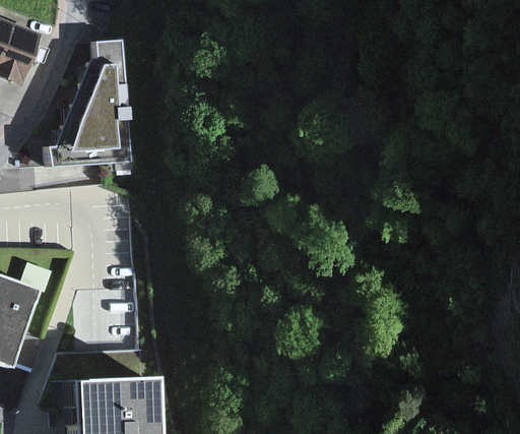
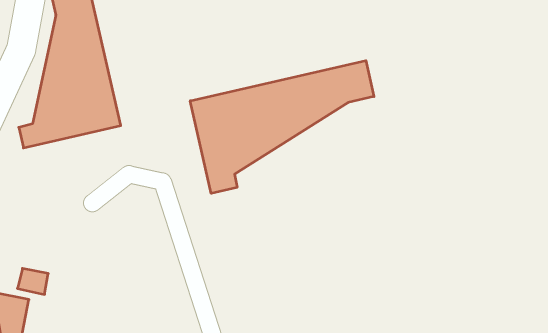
building: none -> [190,61,374,193]

